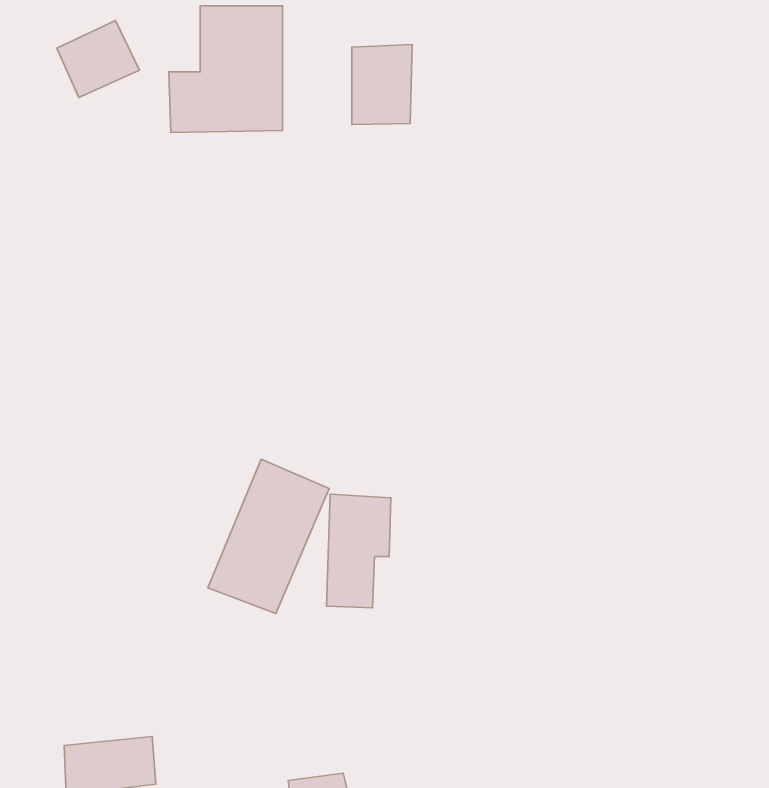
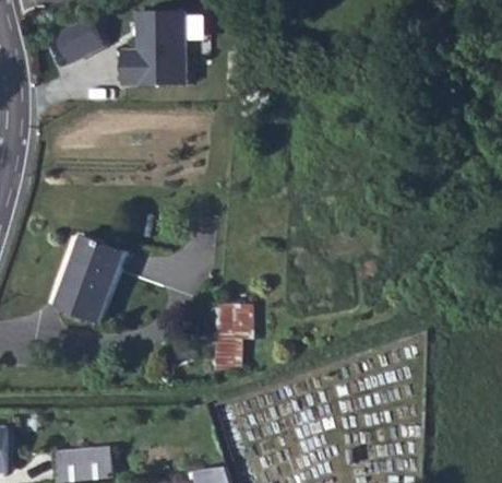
building: [352,44,412,125] -> none
building: [208,459,329,613] -> [48,232,120,323]

